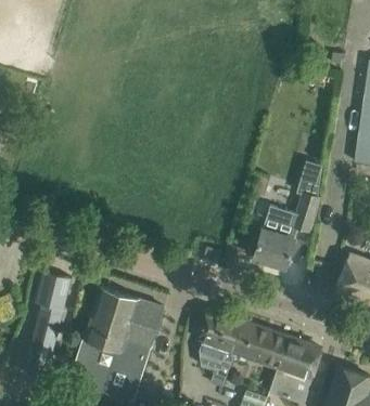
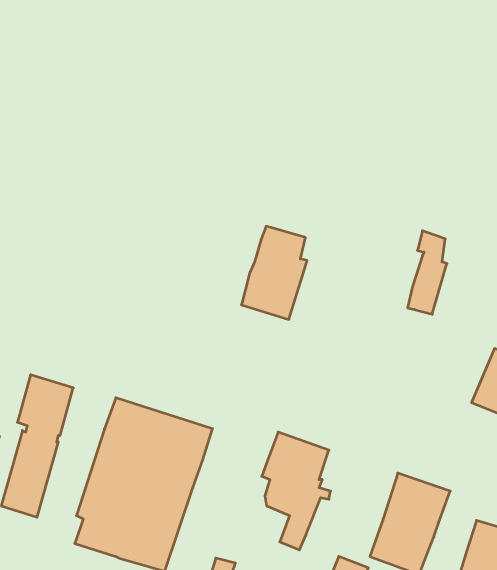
building: [254,206,297,267] -> [241,226,307,319]
building: [234,322,286,367] -> none

